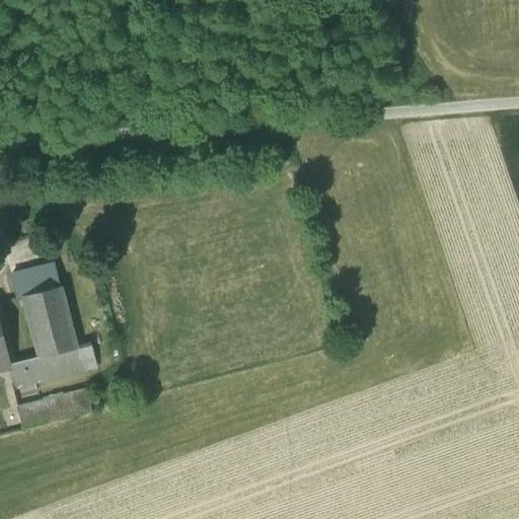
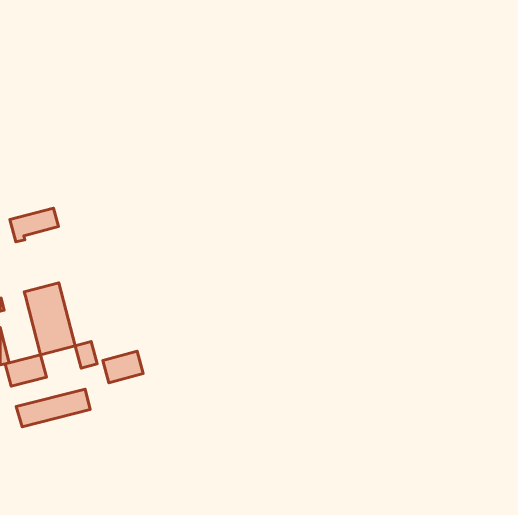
building: [10,265,59,298] -> [10,208,58,242]
building: [41,346,81,377] -> [103,351,143,383]

